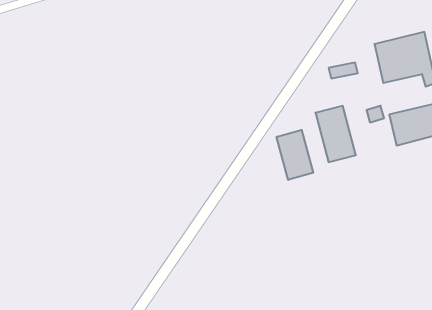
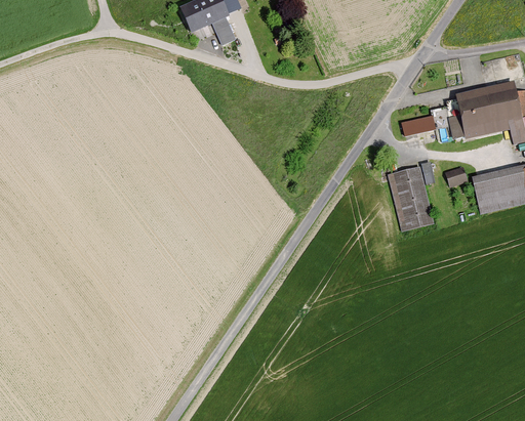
building: [277,130,313,180] -> none

